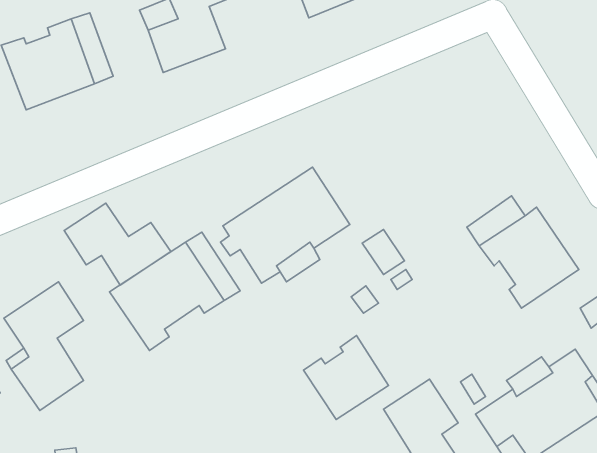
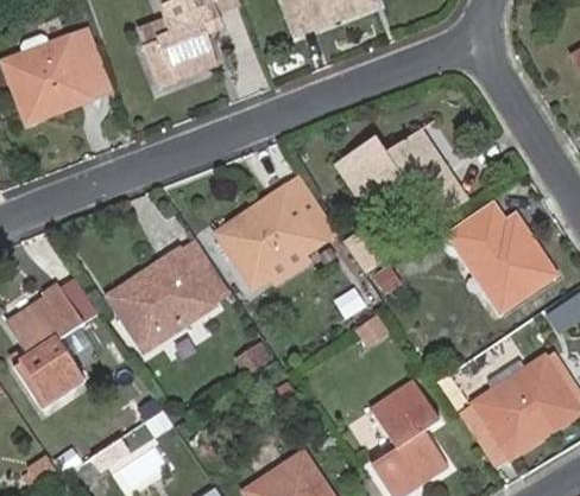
building: none -> [335,127,467,222]
building: [64,203,171,285] -> none
building: [303,335,389,419] -> none

